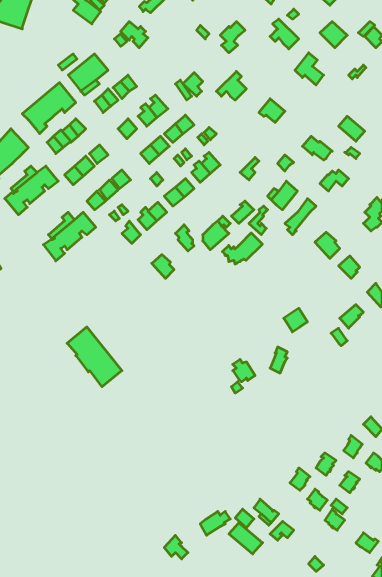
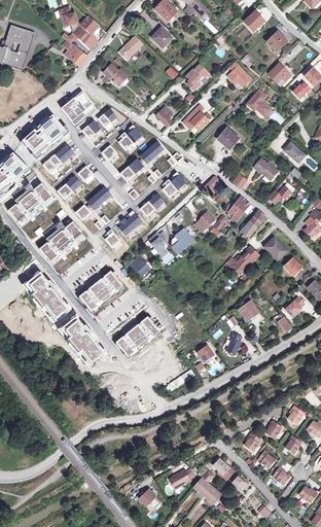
building: [222,233,262,264] -> [226,246,259,272]
building: none -> [79,270,121,309]
building: none -> [25,272,69,320]
building: none -> [113,316,157,356]

